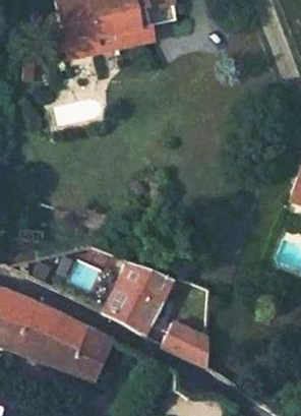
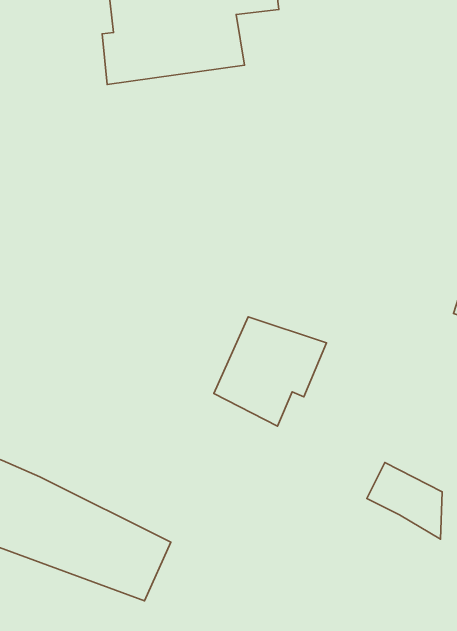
building: [103,263,173,332] -> [214,317,327,426]
building: [161,318,207,366] -> [367,462,442,539]

